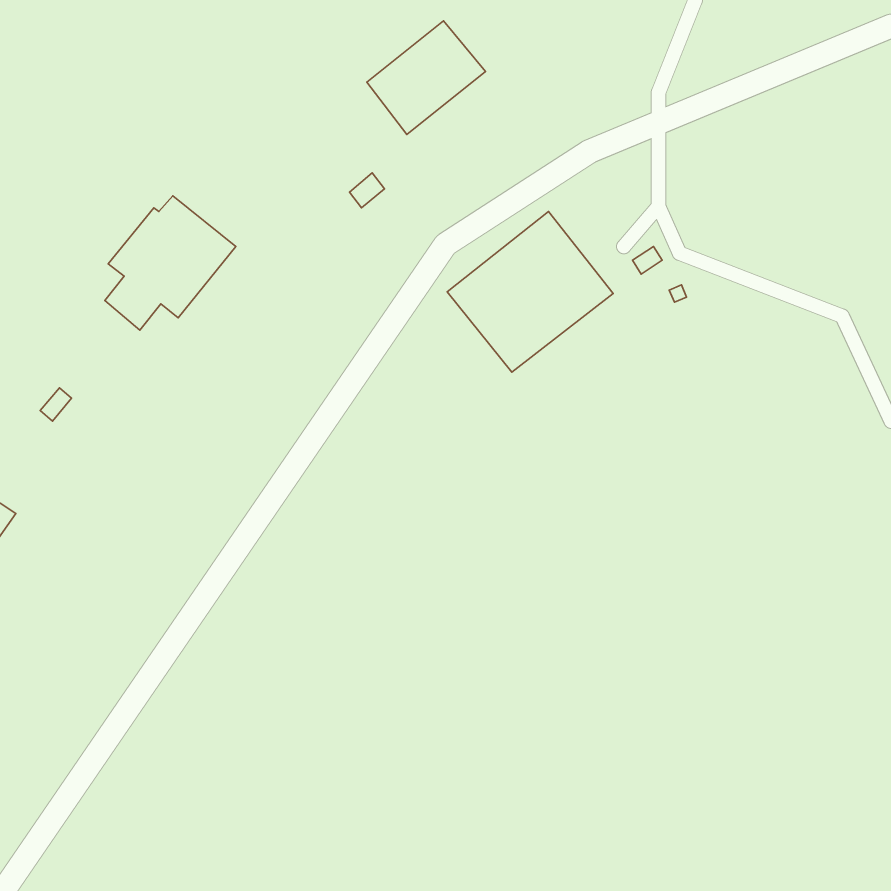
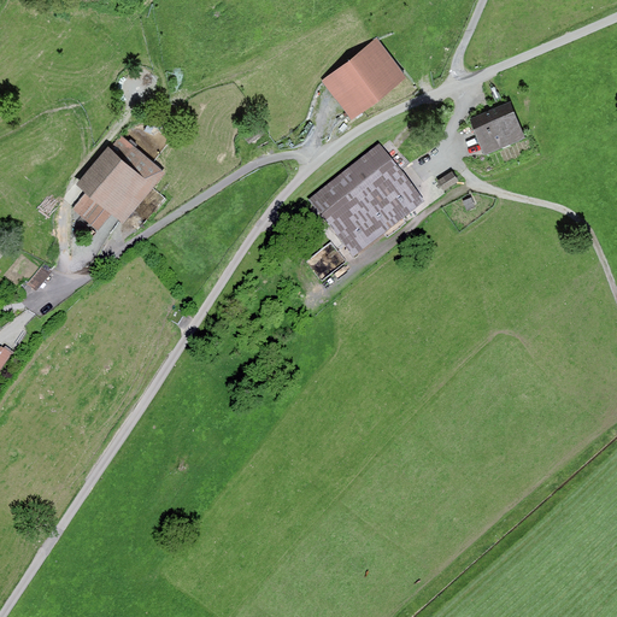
building: [367,21,486,135] -> [322,39,404,117]
building: none -> [469,101,525,152]

